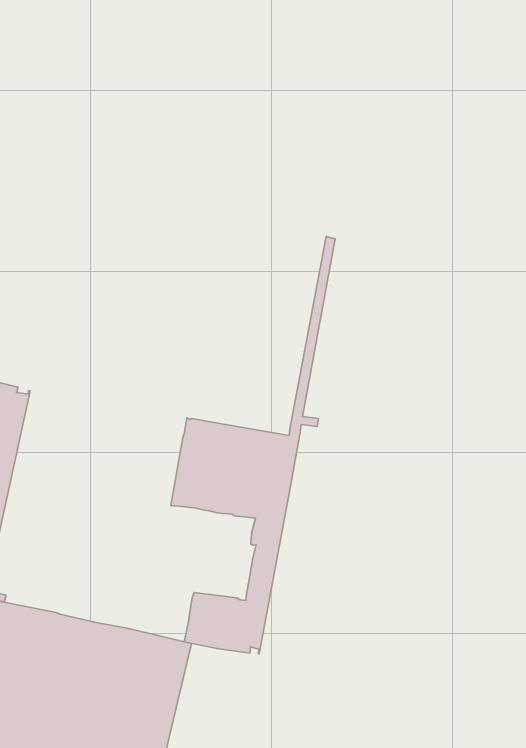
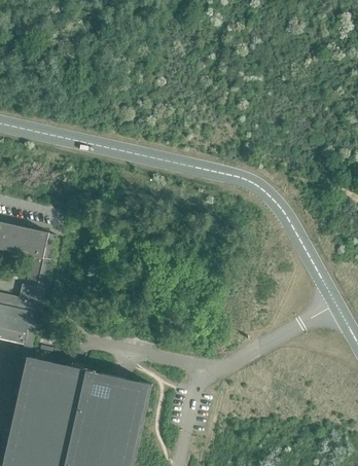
building: [171,236,335,654] -> none

